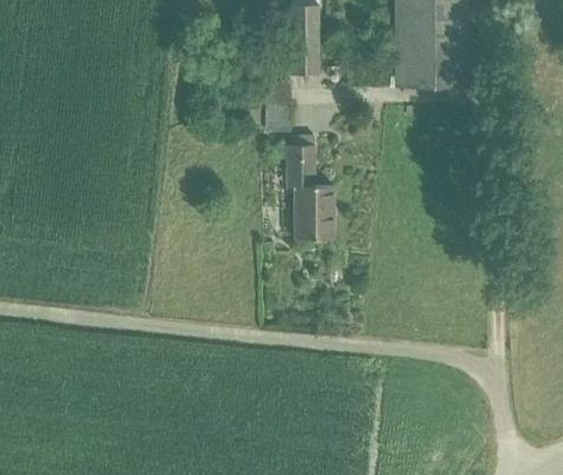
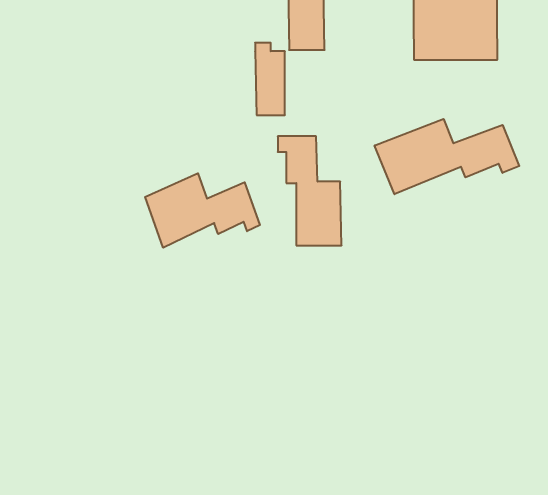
building: none -> [375,119,519,194]
building: none -> [145,173,260,248]

